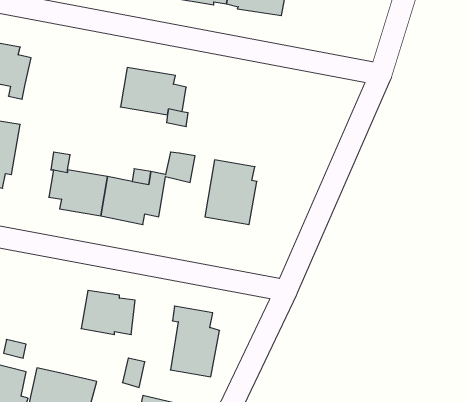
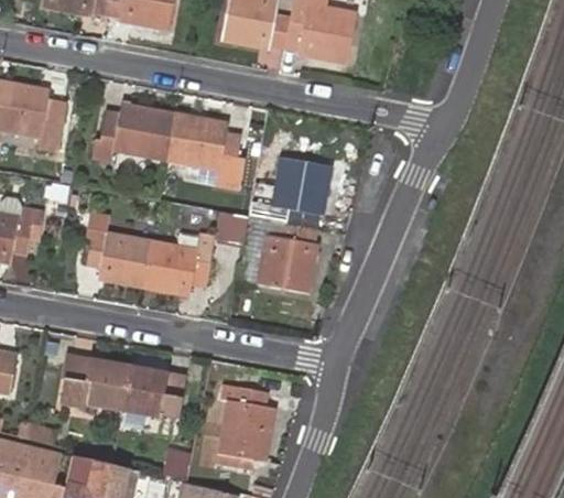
building: none -> [89,108,173,165]
building: none -> [249,156,333,228]
building: none -> [54,356,129,410]

